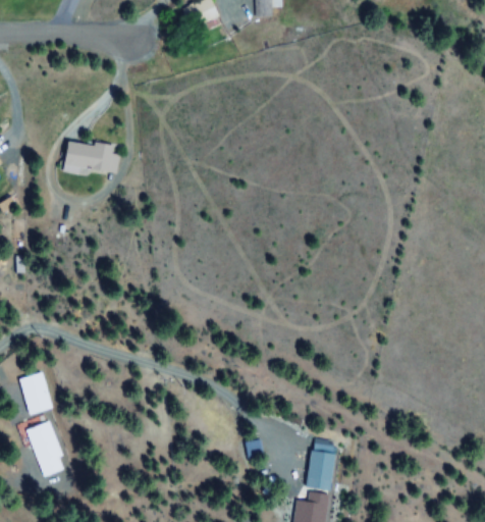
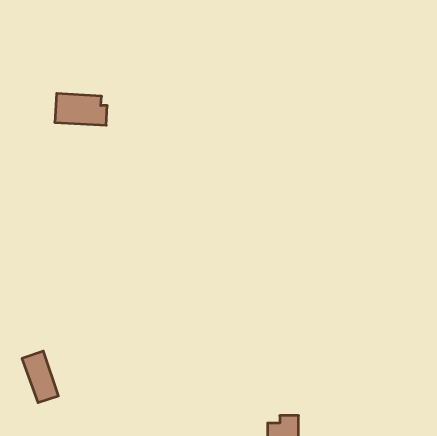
building: [20,372,54,415] -> none
building: [306,450,334,489] -> none

